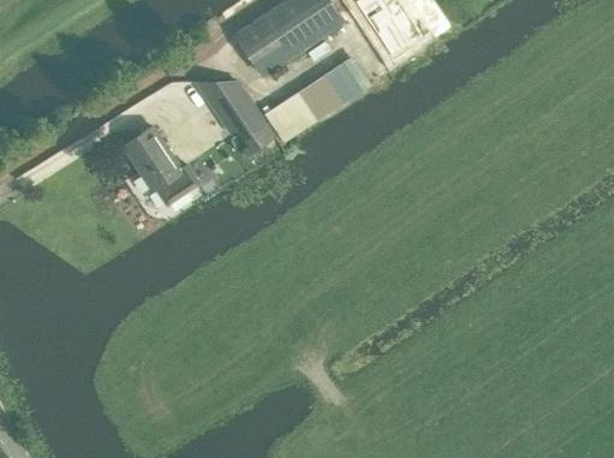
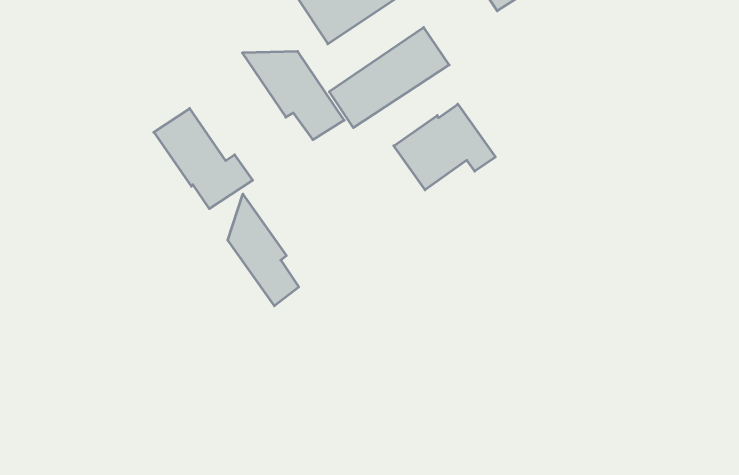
building: none -> [394,104,495,190]
building: none -> [228,194,299,306]

